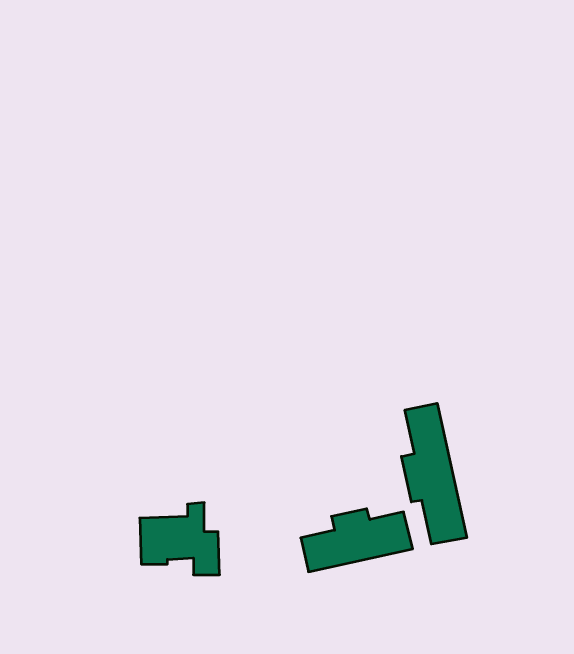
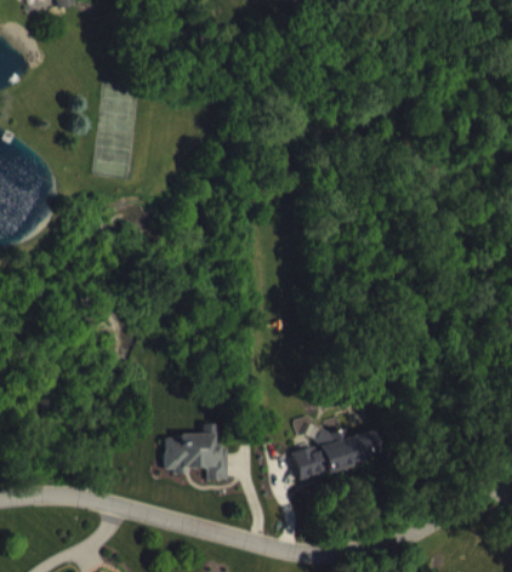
building: [401,403,467,544] -> none

